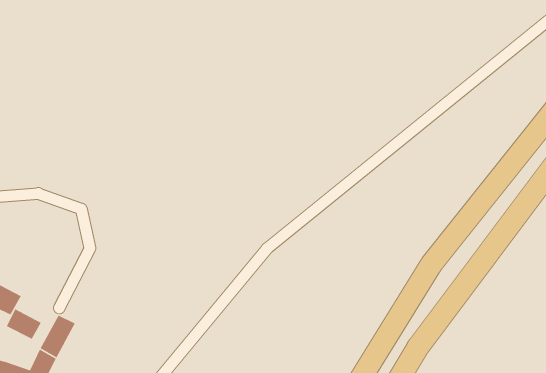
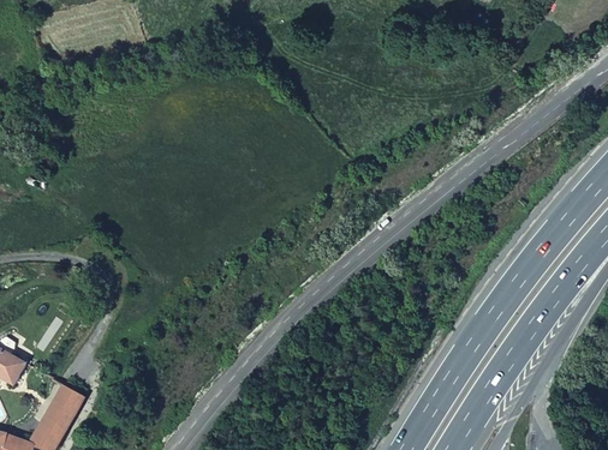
building: [6,308,42,340] -> none

